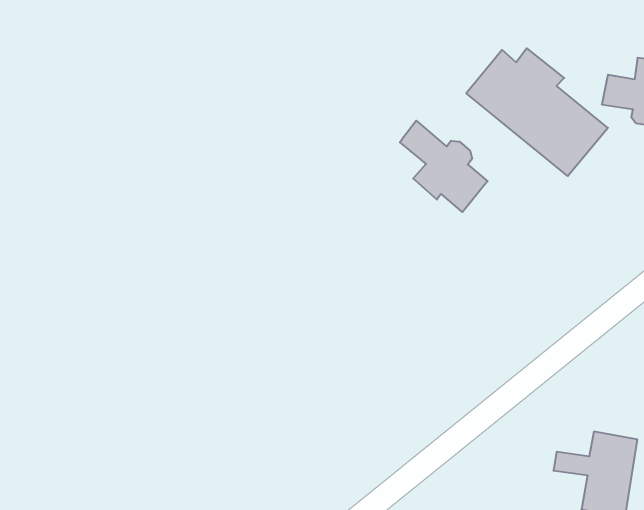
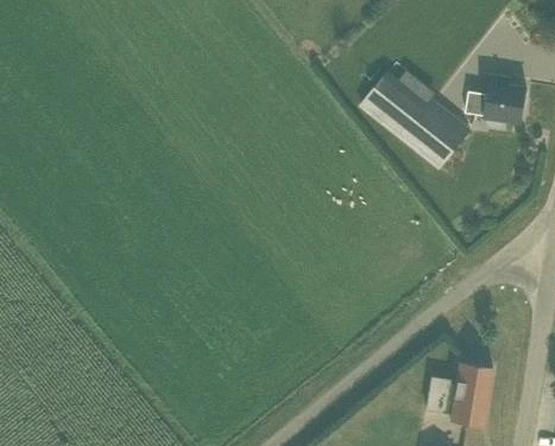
building: [400,121,488,212] -> none

